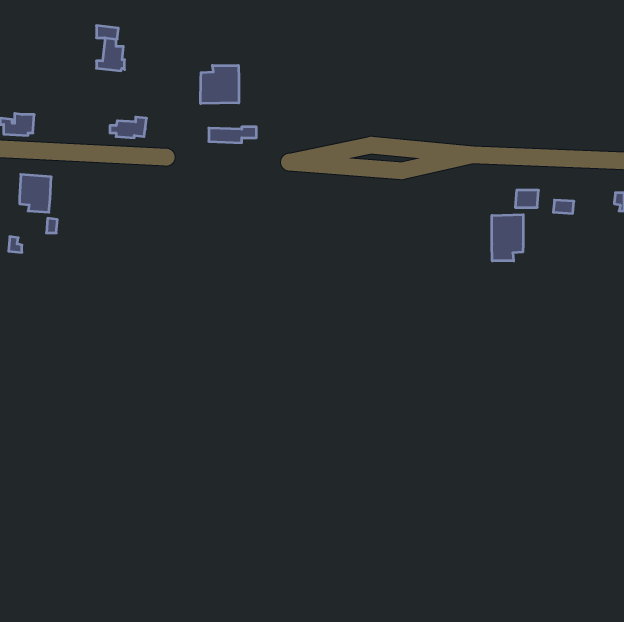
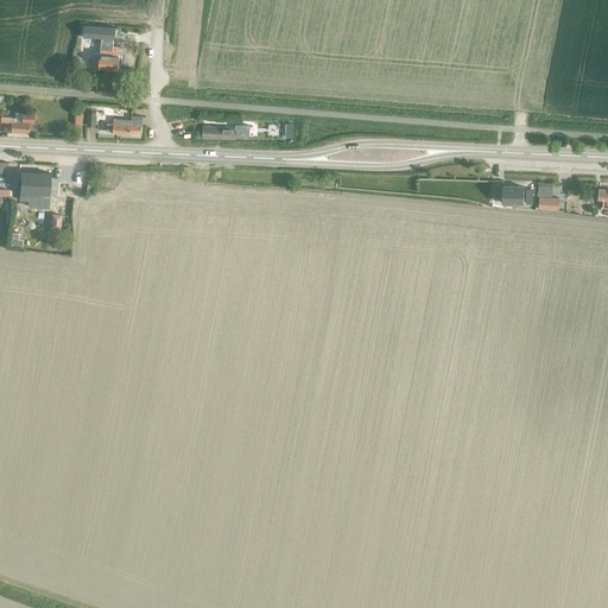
building: [201,65,239,104] -> none
building: [492,215,523,261] -> none

